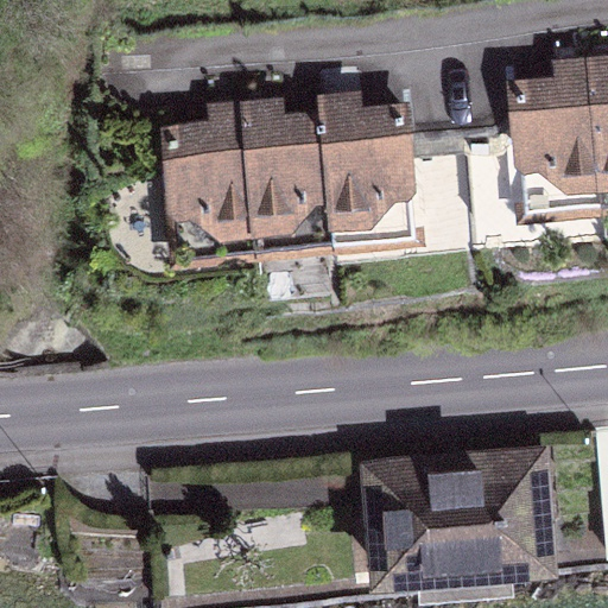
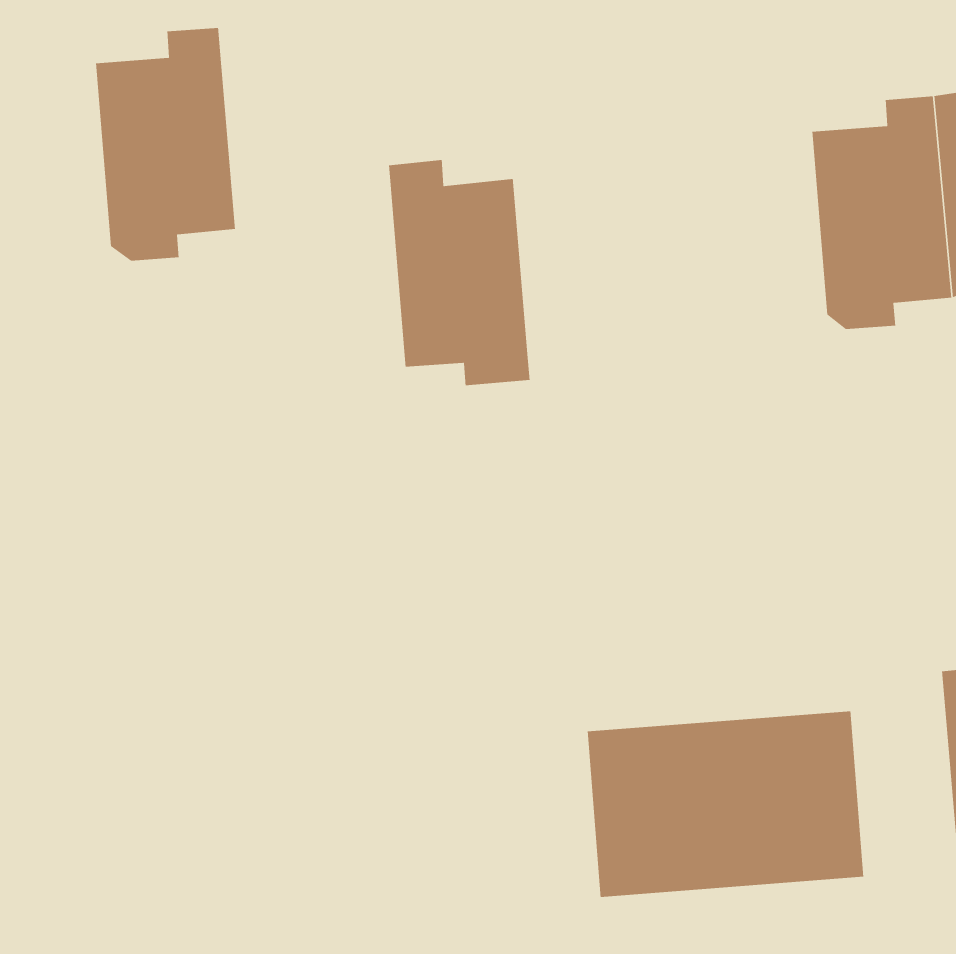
building: [324,94,417,239] -> none
building: [169,104,258,253] -> [95,27,236,261]

